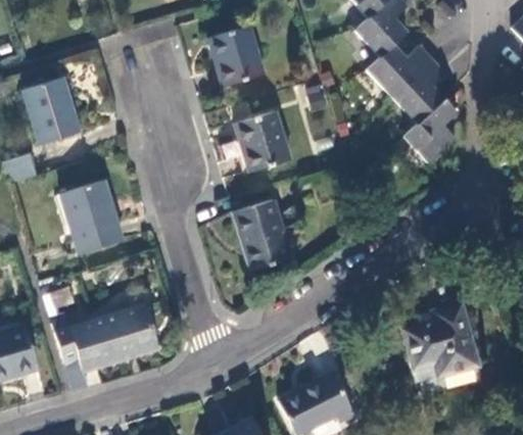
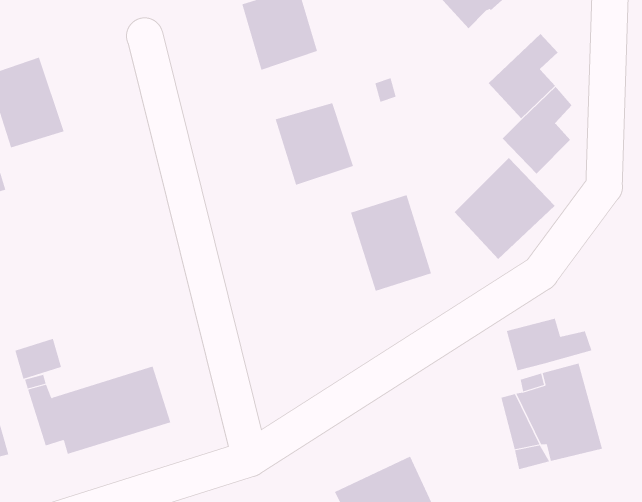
building: [367,43,432,96] -> none
building: none -> [454,157,556,260]
building: [61,179,124,252] -> none
building: [232,198,292,270] -> [350,195,432,292]
building: none -> [506,318,592,371]

